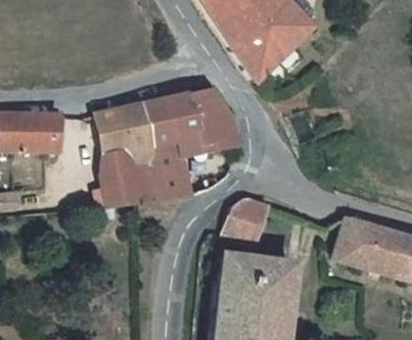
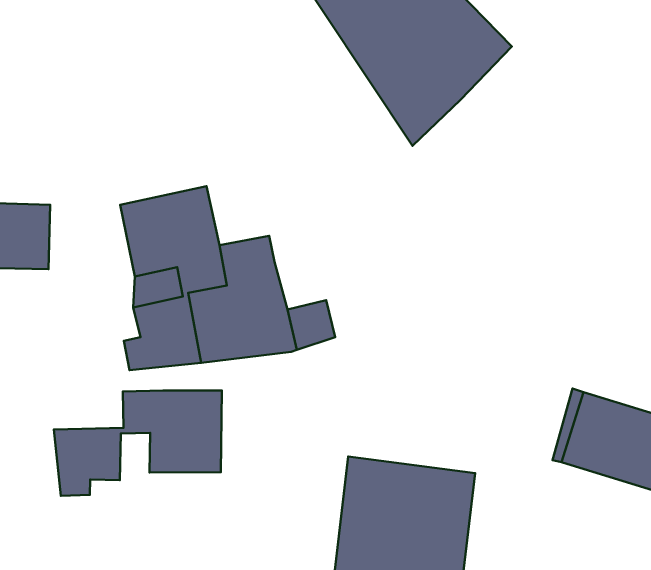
building: [143,85,236,146] -> none
building: [223,197,267,243] -> none
building: none -> [54,390,222,496]

